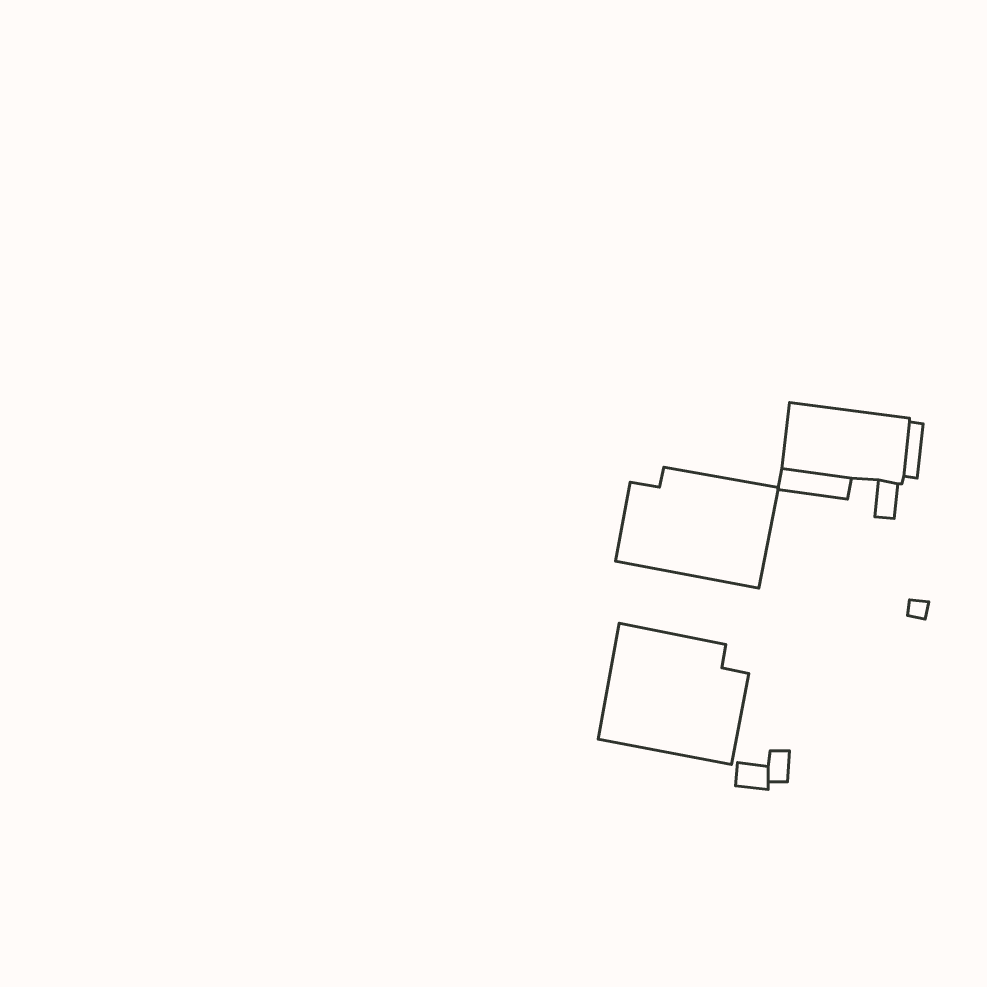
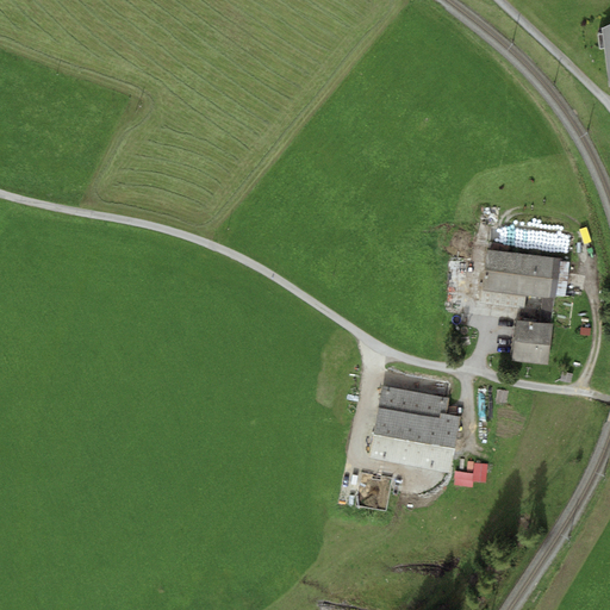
building: [616,467,778,588] -> none
building: none -> [511,319,552,365]

